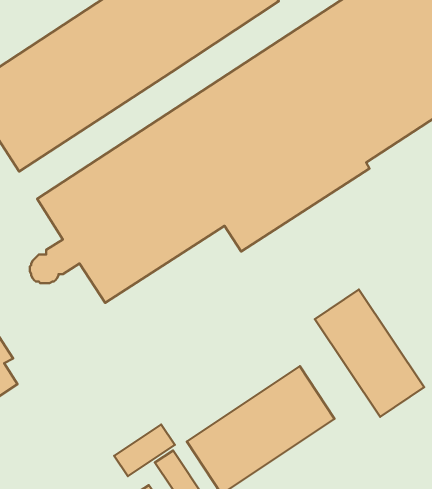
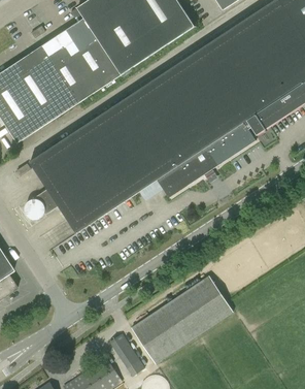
building: [315,289,424,417] -> none
building: [114,425,175,476] -> none

